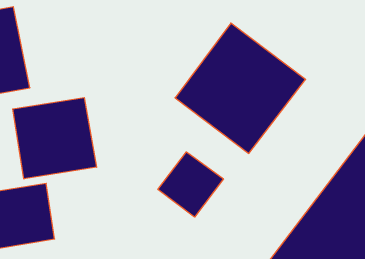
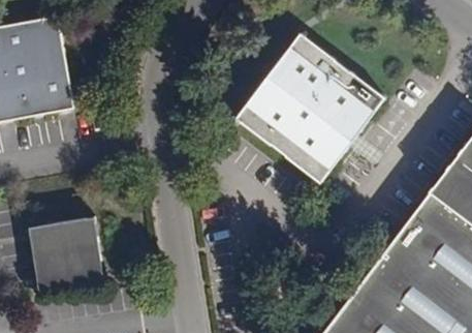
building: [13,98,97,179] -> none
building: [158,152,223,217] -> none

